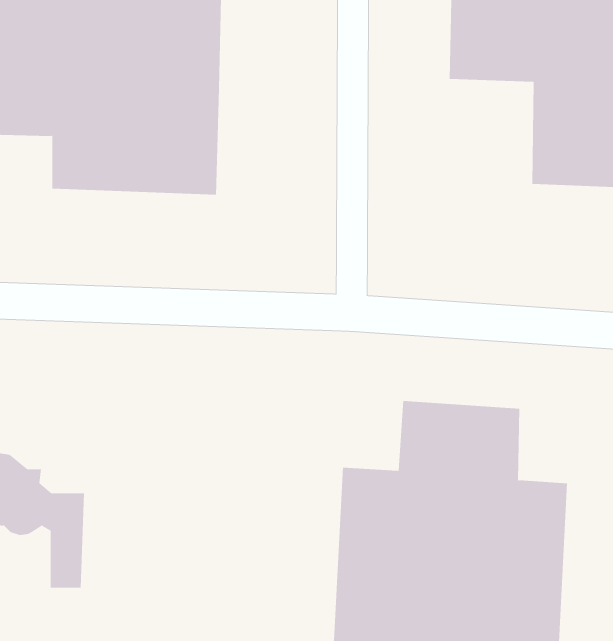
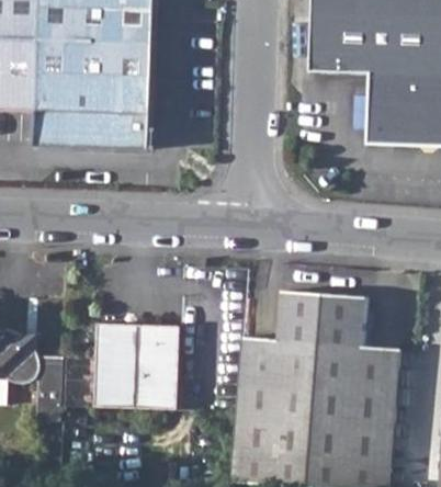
building: none -> [93,322,177,410]

